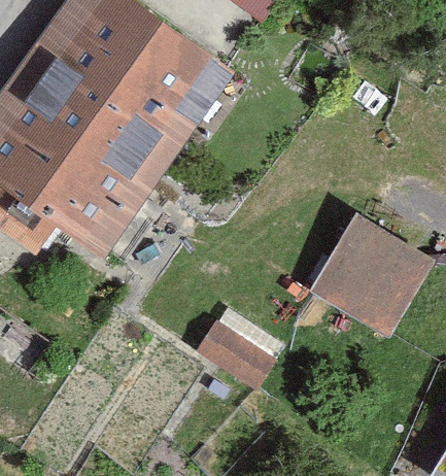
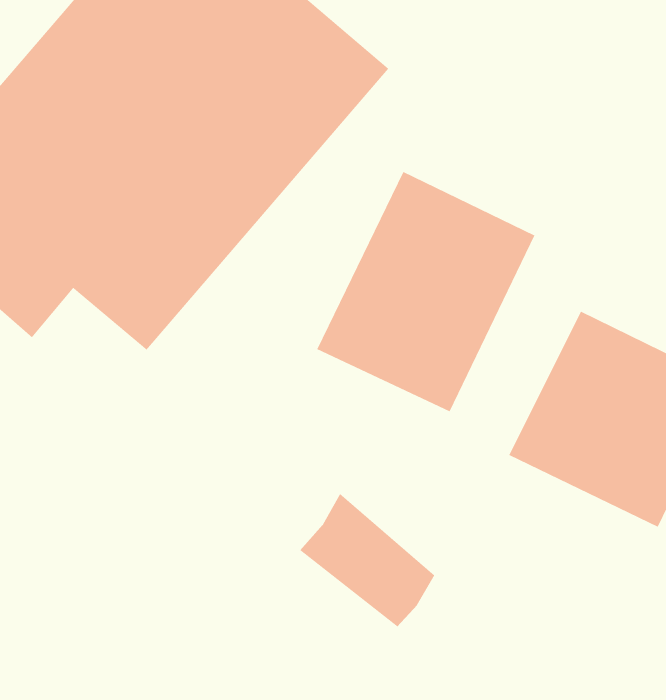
building: none -> [316,171,535,412]

